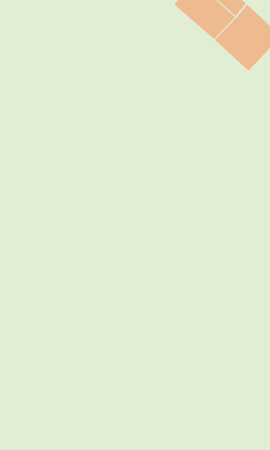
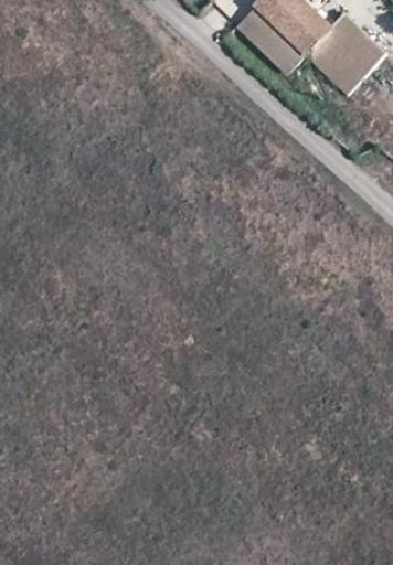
building: none -> [233,7,301,70]

